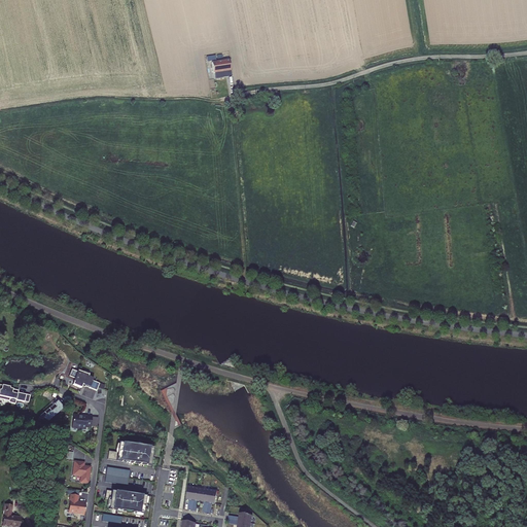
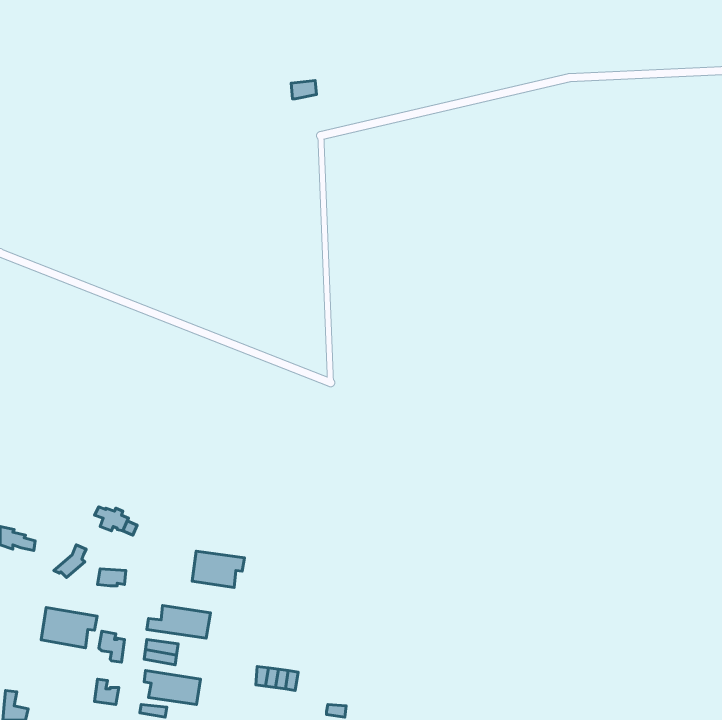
building: none -> [192,551,244,588]
building: none -> [41,608,97,648]

